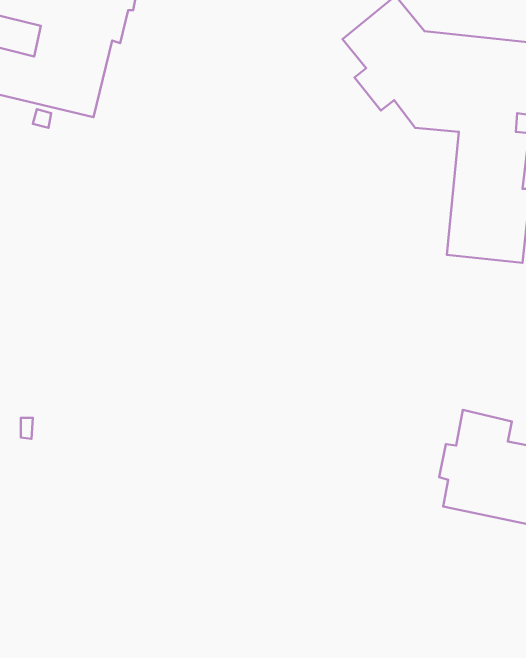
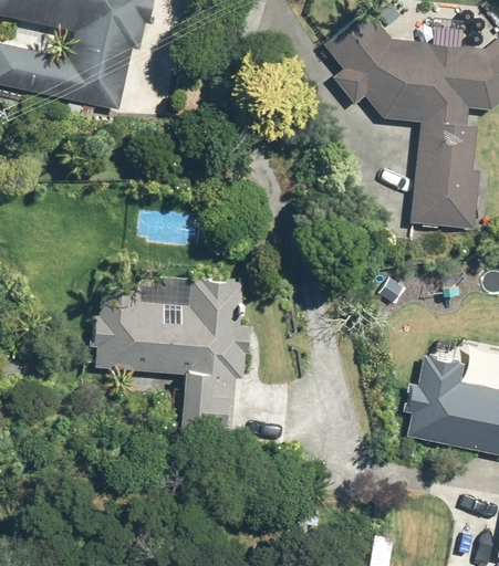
building: none -> [92,276,251,433]

